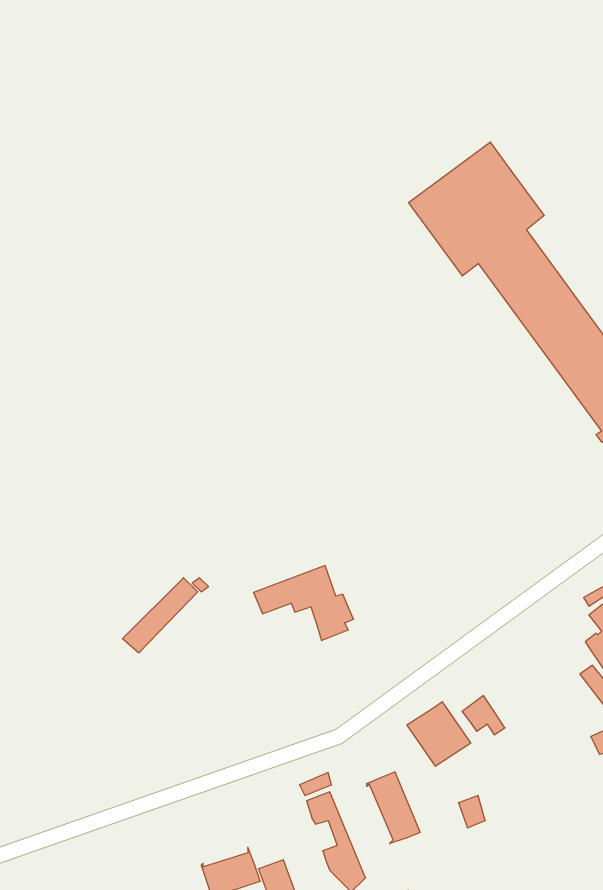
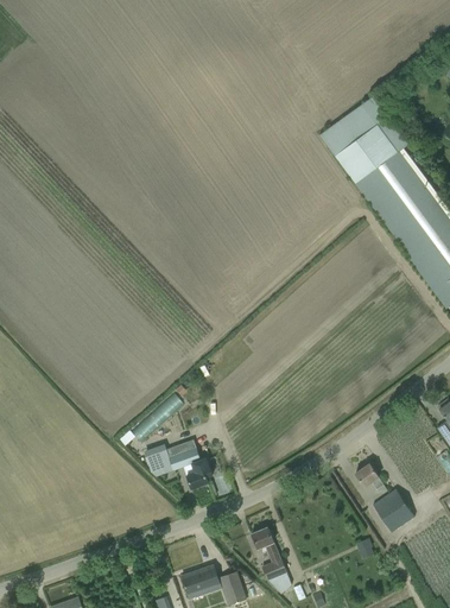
building: [254,566,354,641] -> [146,439,213,489]
building: [407,702,471,766] -> [373,489,416,532]
building: [367,772,420,844] -> none

